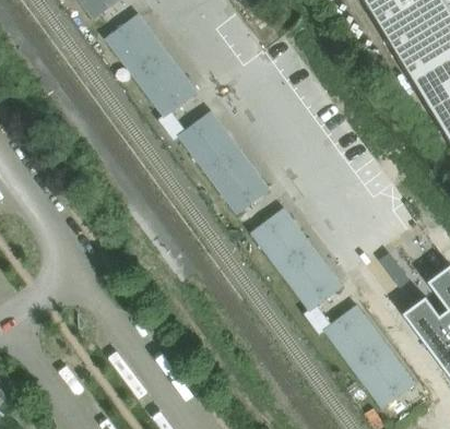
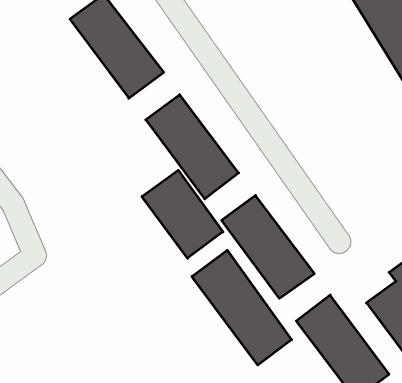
building: none -> [142,170,223,258]
building: none -> [192,250,292,365]

